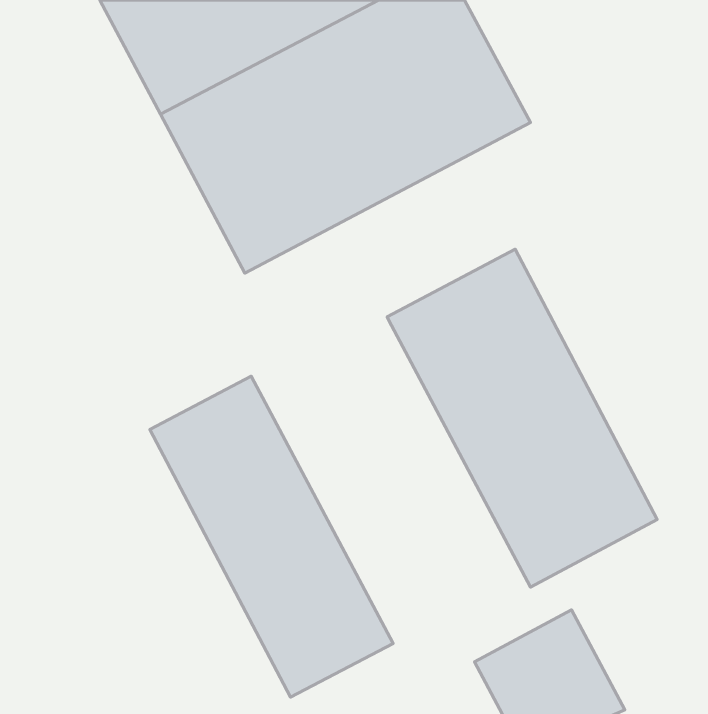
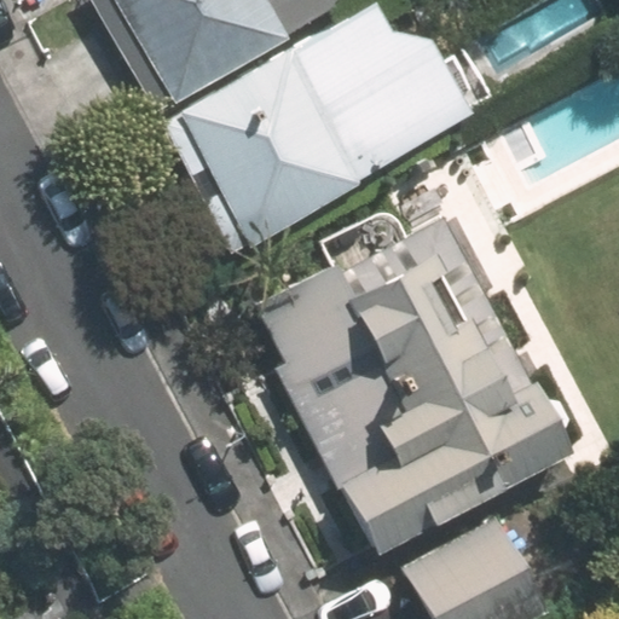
building: [150,376,393,697] -> [256,279,465,555]

